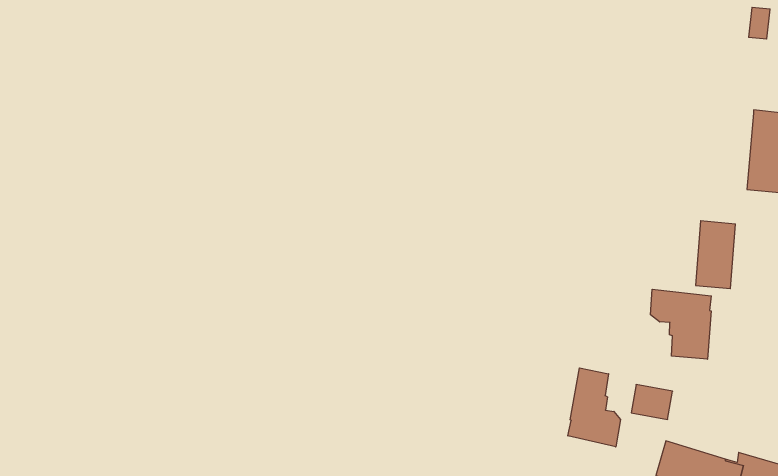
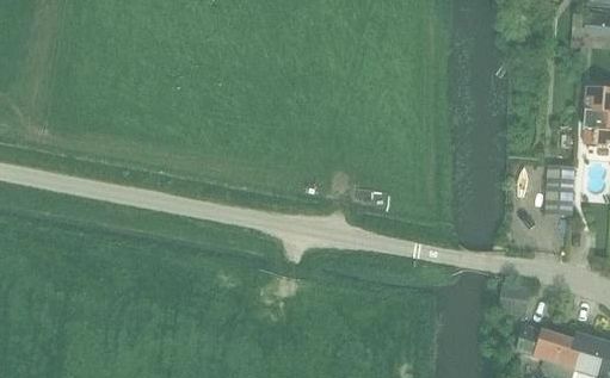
building: [651,289,711,359] -> none
building: [568,368,620,447] -> none

